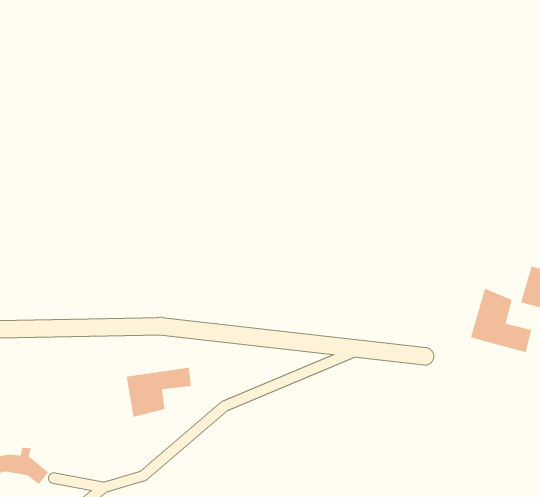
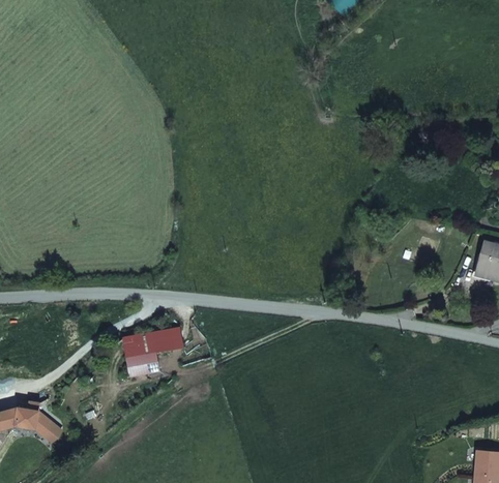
building: [470,288,532,353] -> none

